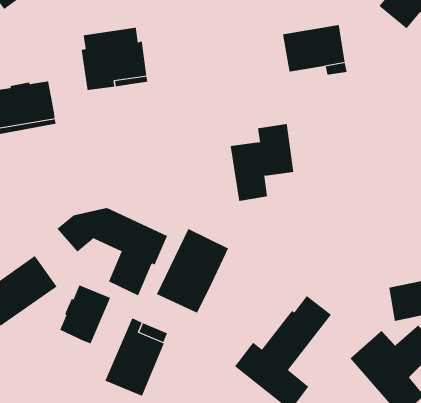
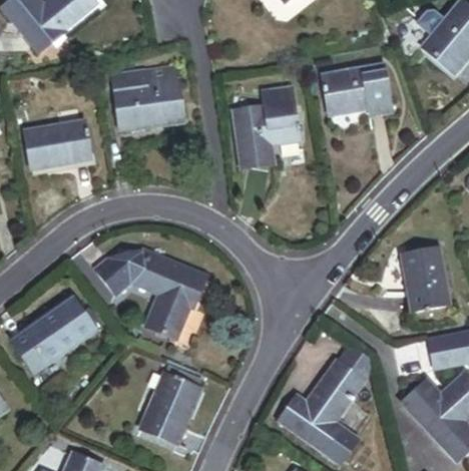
building: [230,123,294,201] -> [236,86,302,166]
building: none -> [402,245,449,310]
building: [156,228,229,313] -> none
building: [59,285,111,344] -> none

